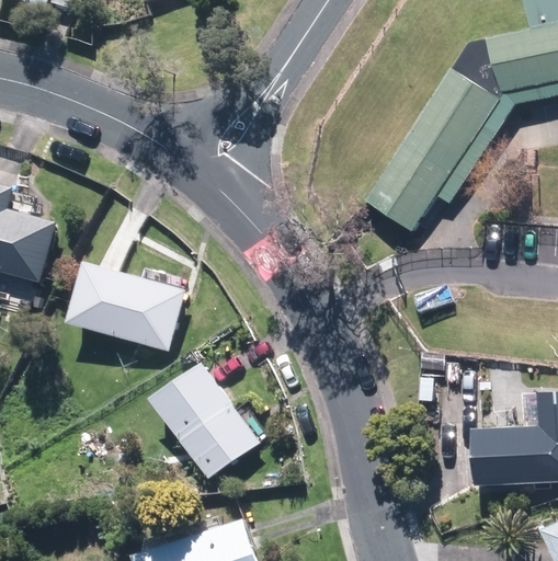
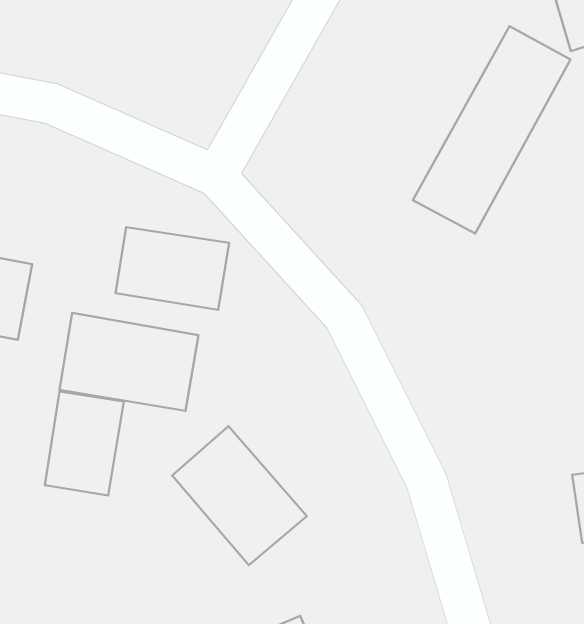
building: none -> [116,227,229,310]
building: none -> [45,391,124,496]

